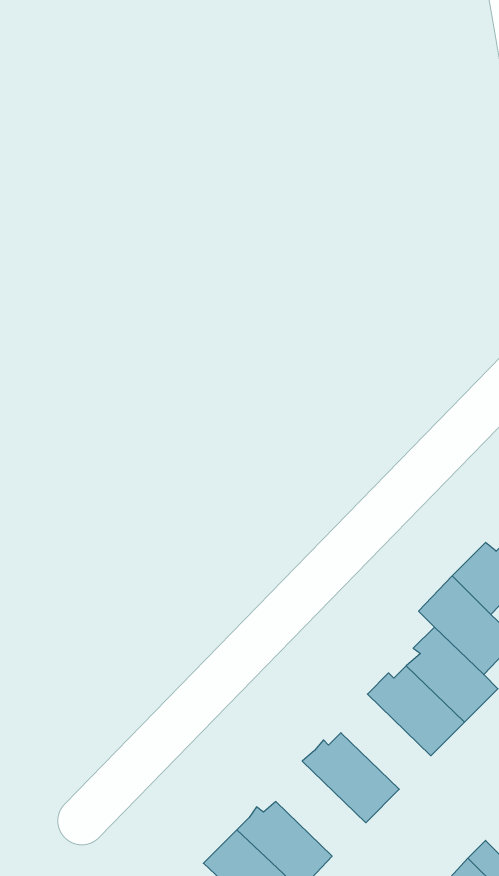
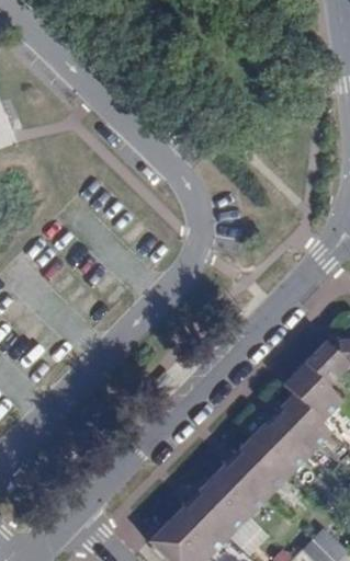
building: none -> [234,435,290,494]
building: none -> [193,477,249,536]

